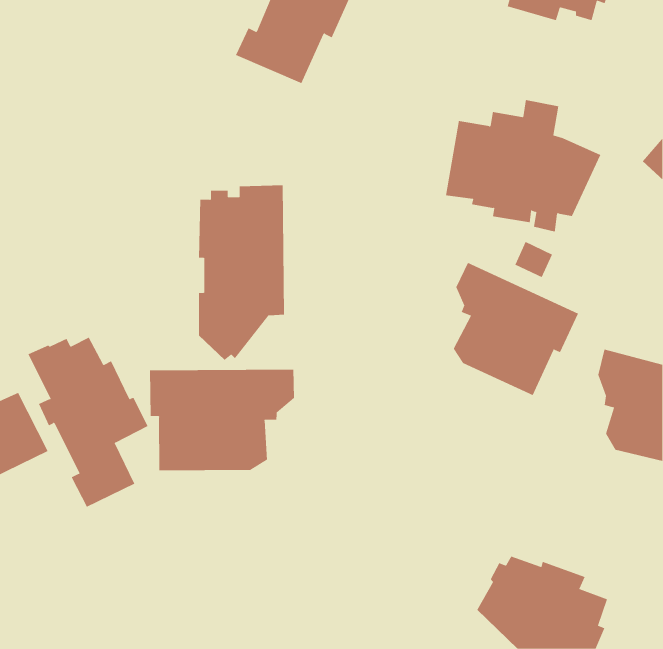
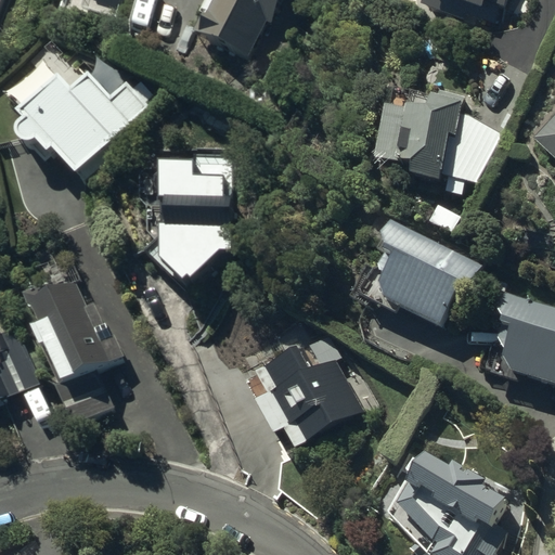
building: none -> [13,68,152,182]
building: [150,369,295,471] -> none
building: none -> [244,343,364,451]

